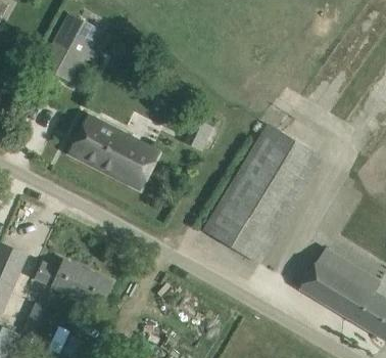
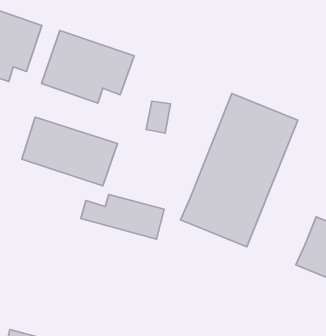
building: none -> [42,30,134,103]
building: [35,261,110,308] -> [81,194,164,239]

